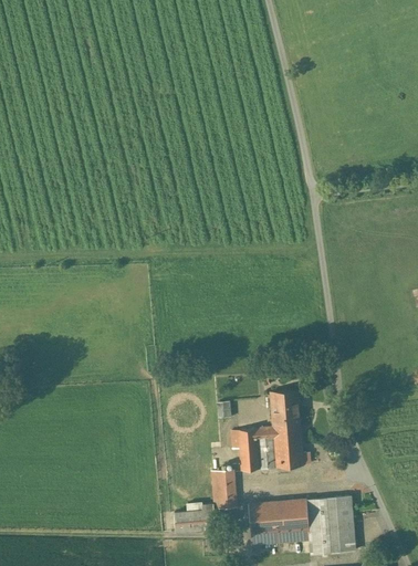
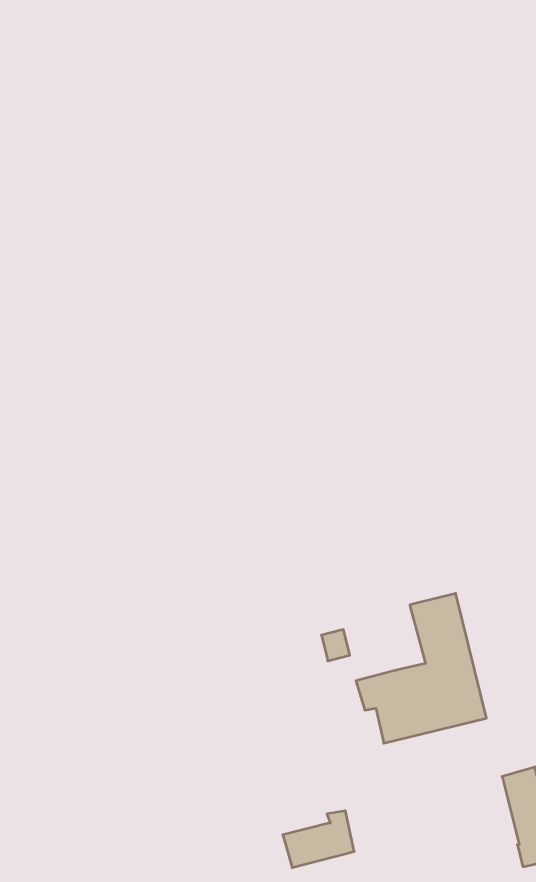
building: [212,469,236,509] -> none
building: [248,500,310,545] -> none

